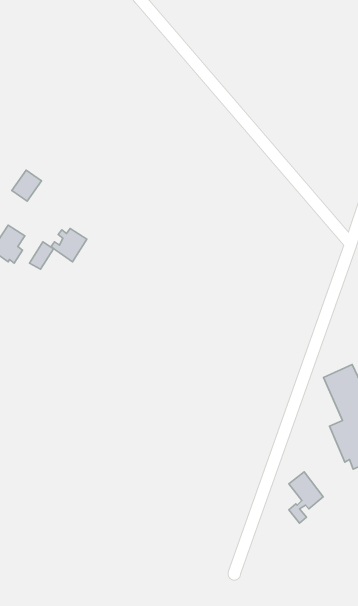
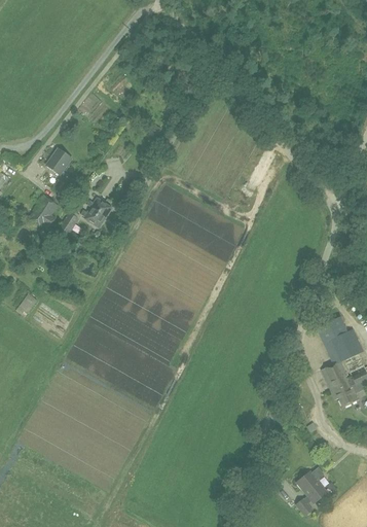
building: [289,472,323,523] -> [297,471,327,516]

